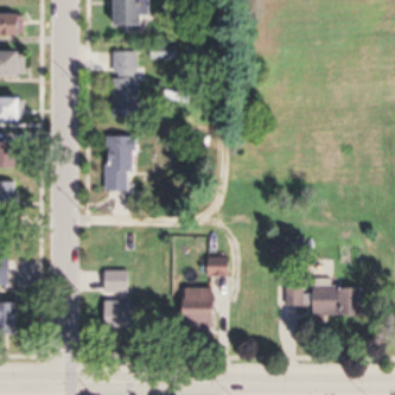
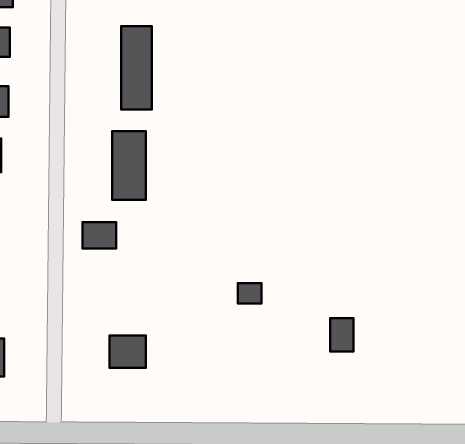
building: [102,270,129,292] -> [82,222,116,248]
building: [313,287,362,316] -> none
building: [186,288,215,323] -> none

